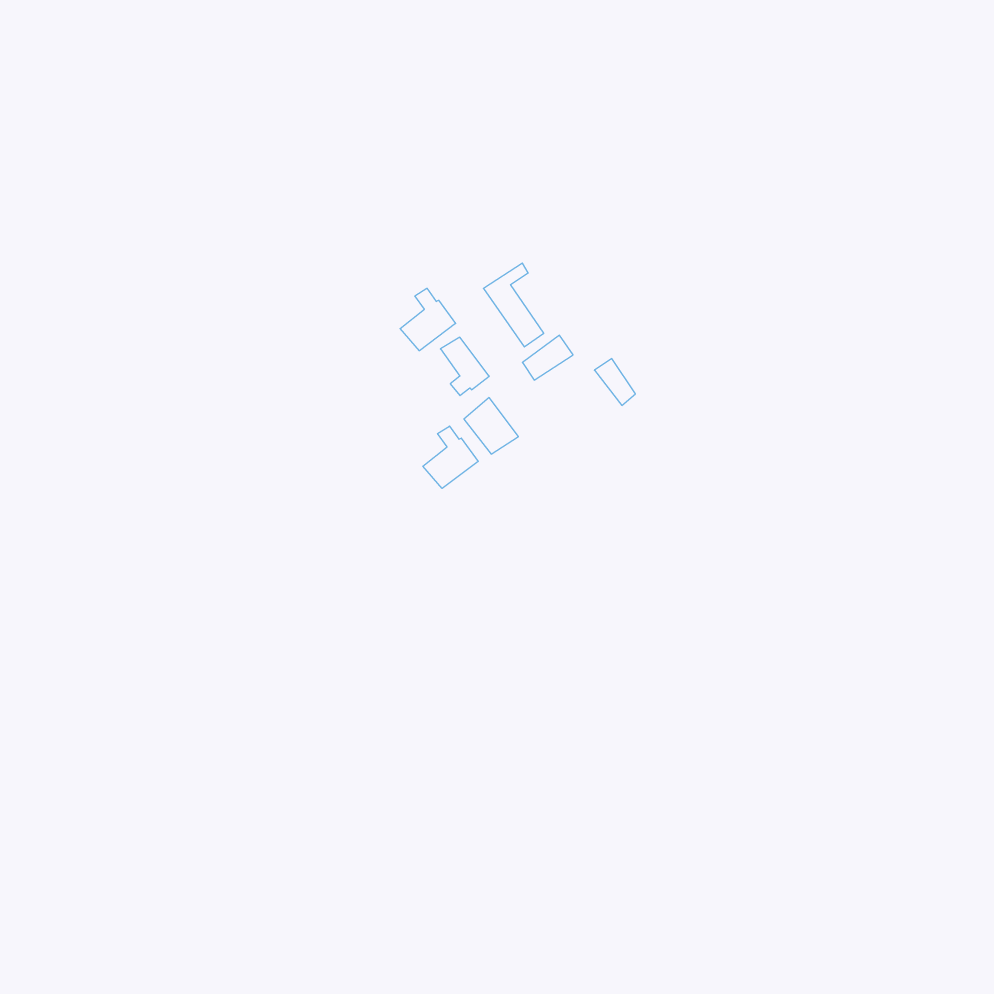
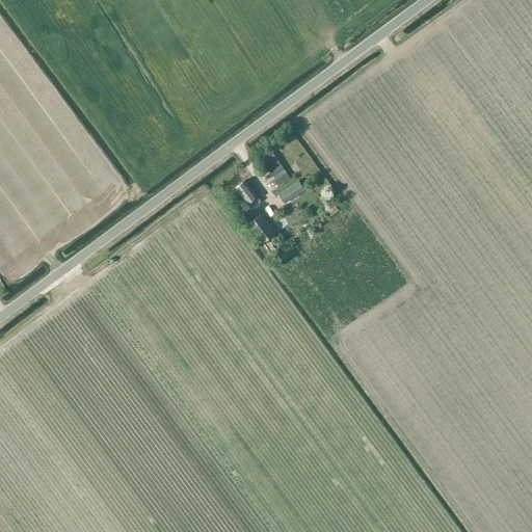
building: [400,288,456,351] -> none
building: [423,426,478,488] -> none

